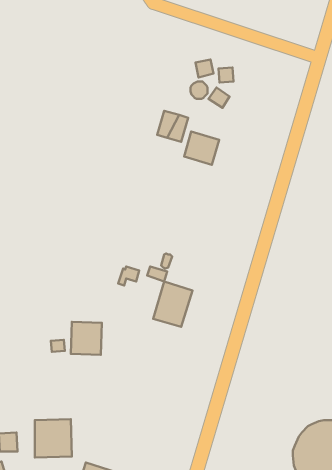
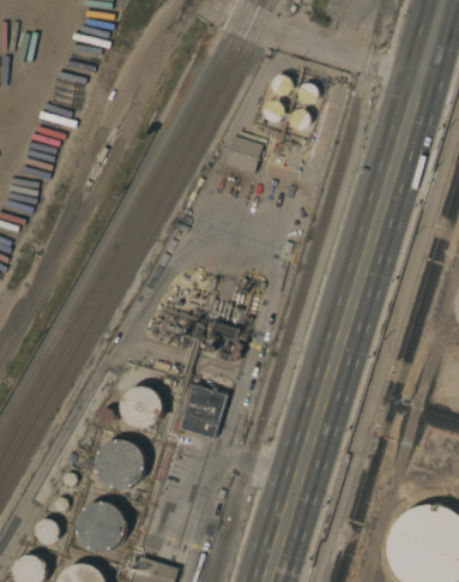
building: [184,132,219,165] -> none
building: [153,282,192,327] -> [180,384,227,438]
building: none -> [97,440,141,488]

